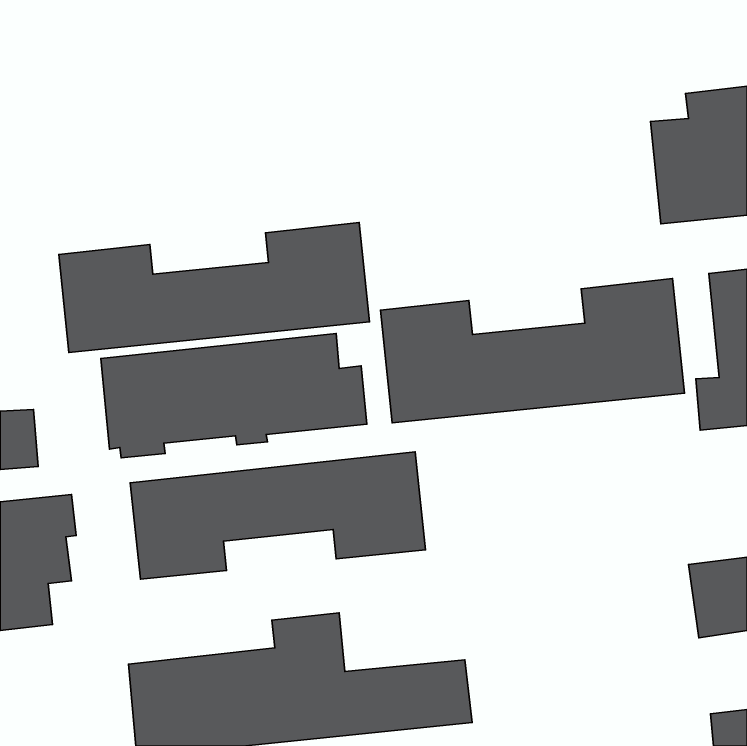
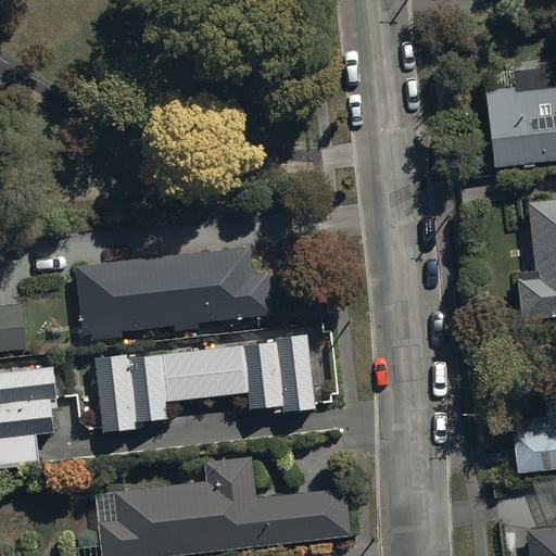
building: [59,222,370,352] -> none
building: [380,279,685,423] -> none

